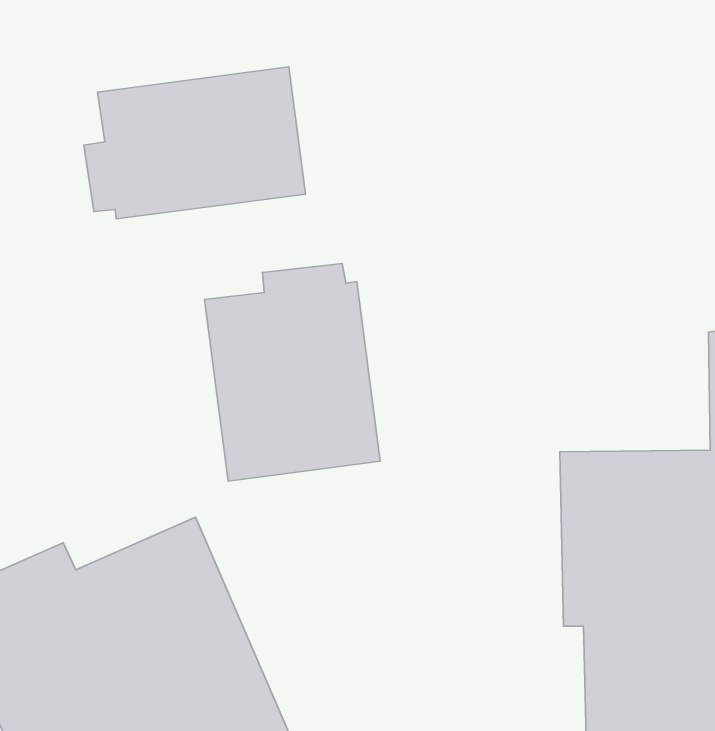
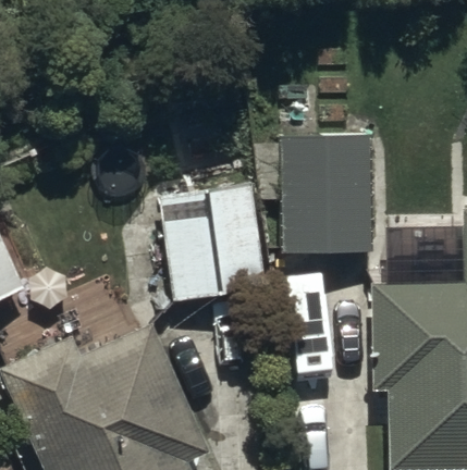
building: [84,67,306,219] -> none
building: none -> [282,138,372,256]

